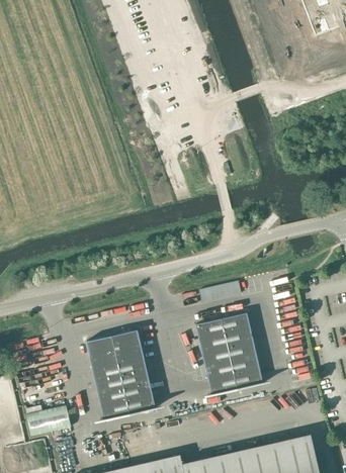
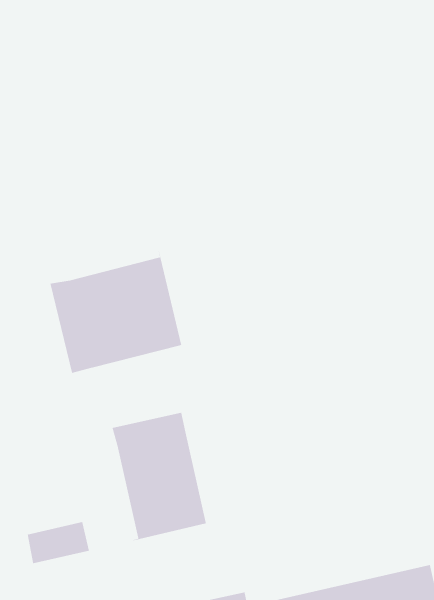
building: none -> [49,250,184,374]
building: [194,311,262,393] -> none

